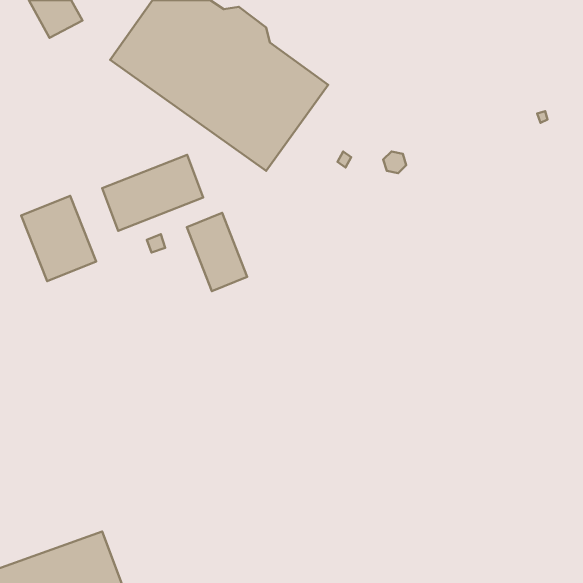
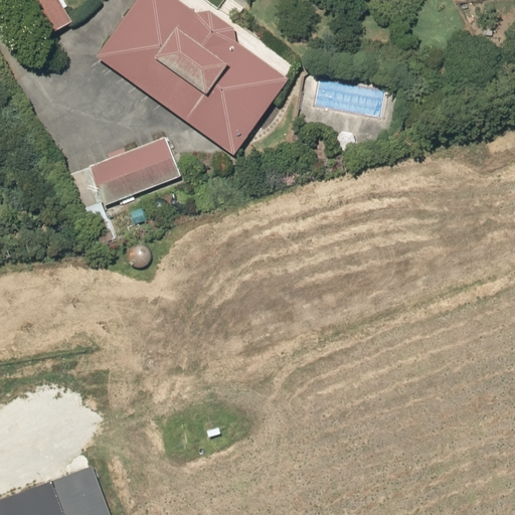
building: [21,196,96,281] -> none
building: [187,213,247,291] -> none

